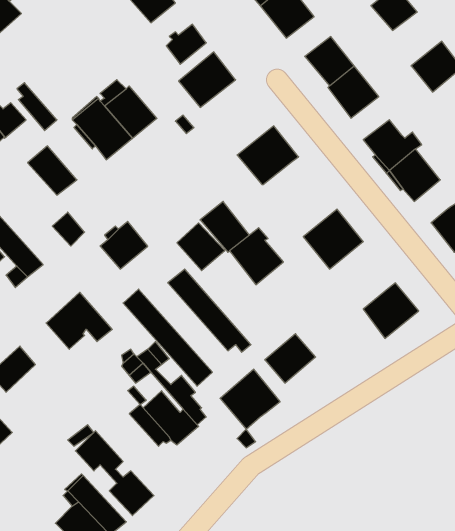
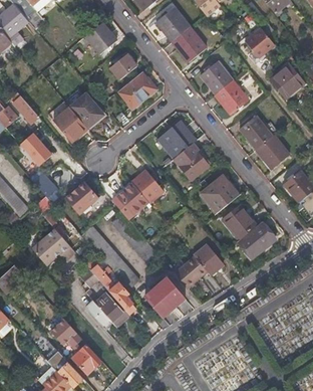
building: [230,228,283,285] -> [174,143,209,180]
building: none -> [222,204,256,239]
building: none -> [194,243,224,274]

